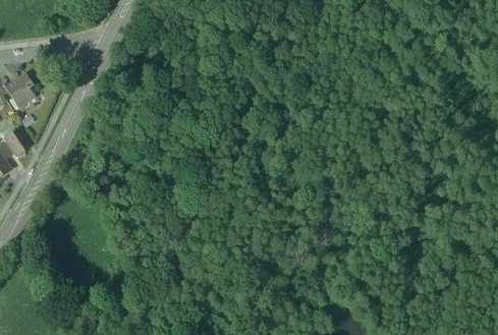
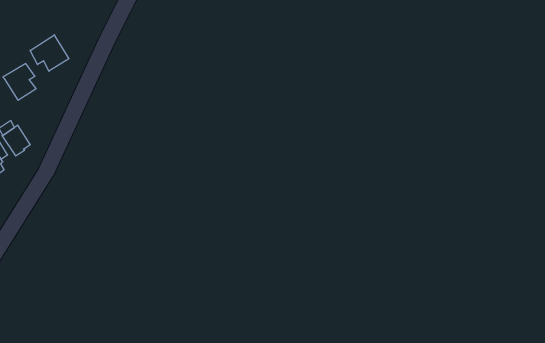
building: none -> [30,35,69,71]

